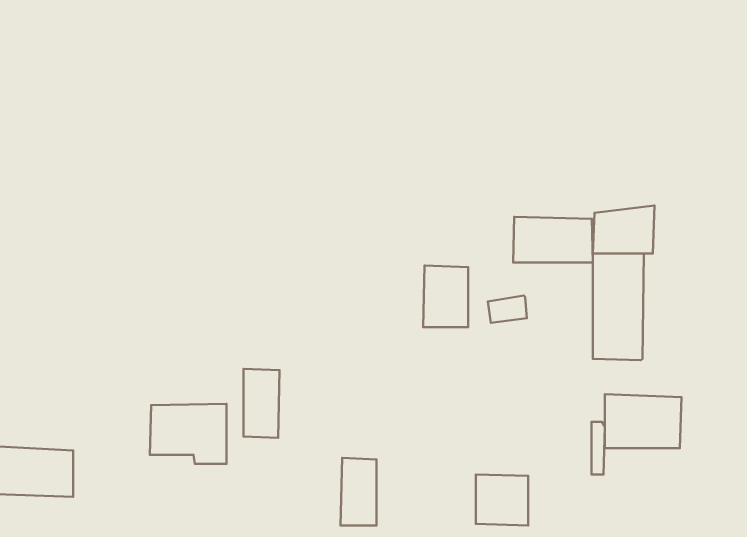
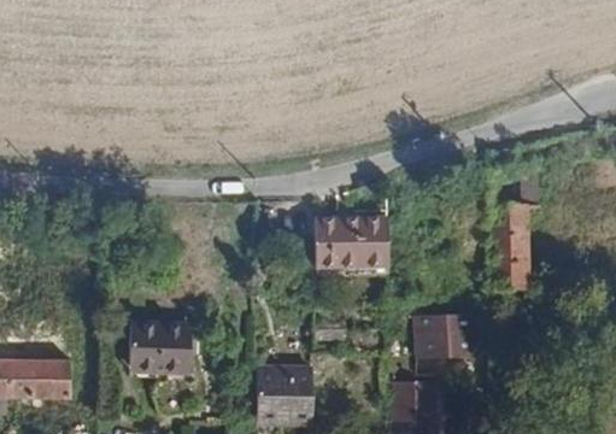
building: [513,217,593,263] -> none
building: none -> [315,215,352,264]
building: [243,369,280,438] -> [257,368,286,423]
building: [605,394,681,448] -> [415,316,476,359]

